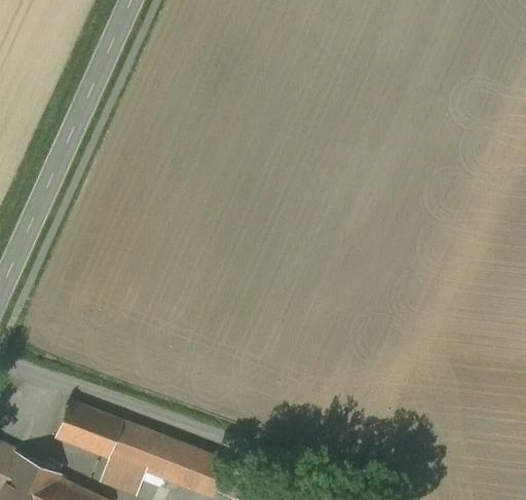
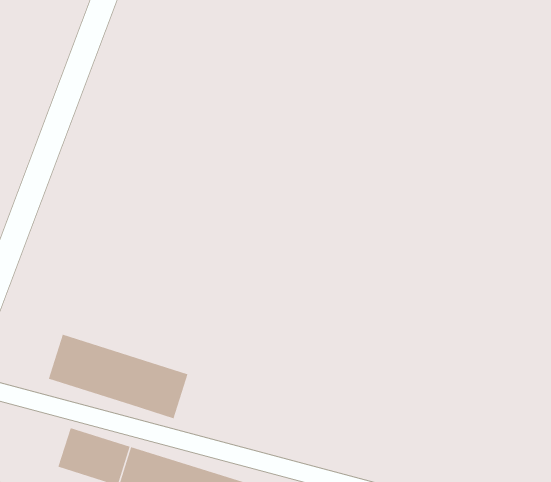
building: none -> [48,334,188,419]

